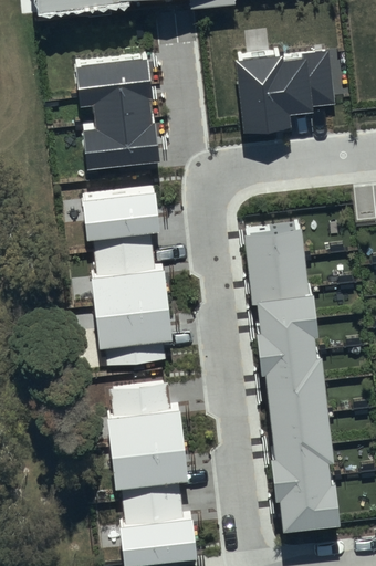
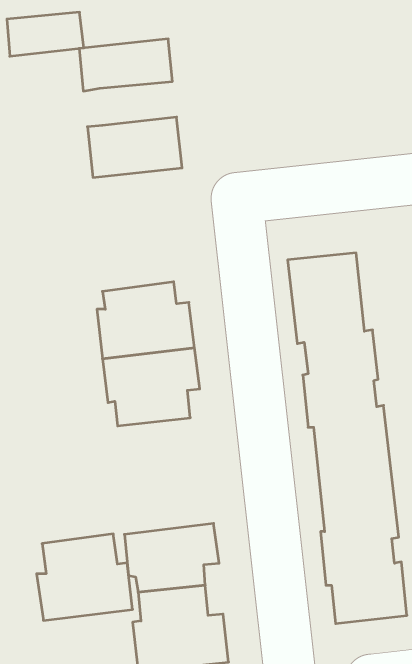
building: [236,51,338,130] -> none
building: [93,91,155,126] -> [7,12,84,56]
building: [82,191,158,260] -> none
building: [107,386,185,455] -> [37,534,133,620]

